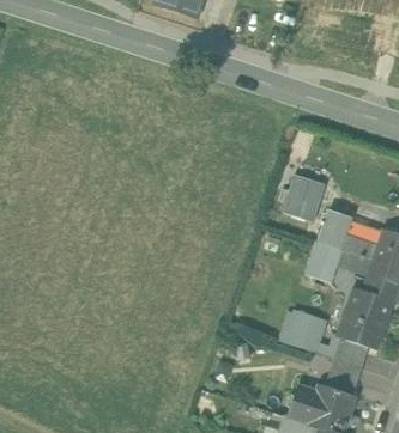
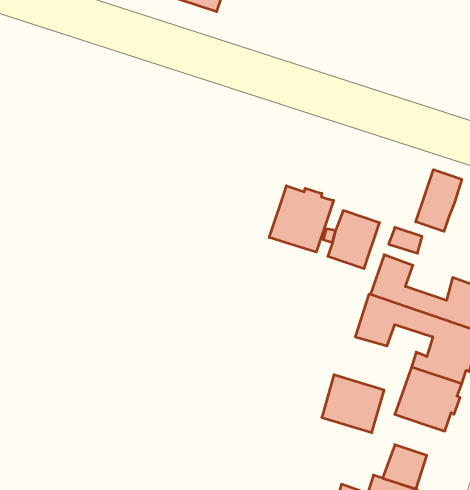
building: none -> [416,170,462,231]
building: none -> [269,186,334,252]
building: [333,337,369,368] -> none

